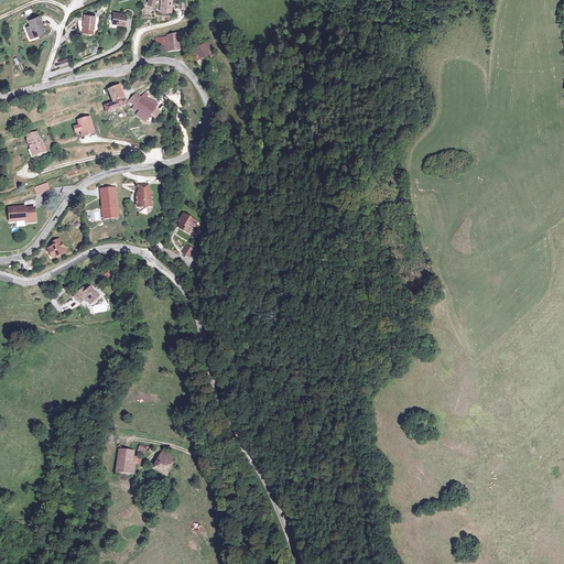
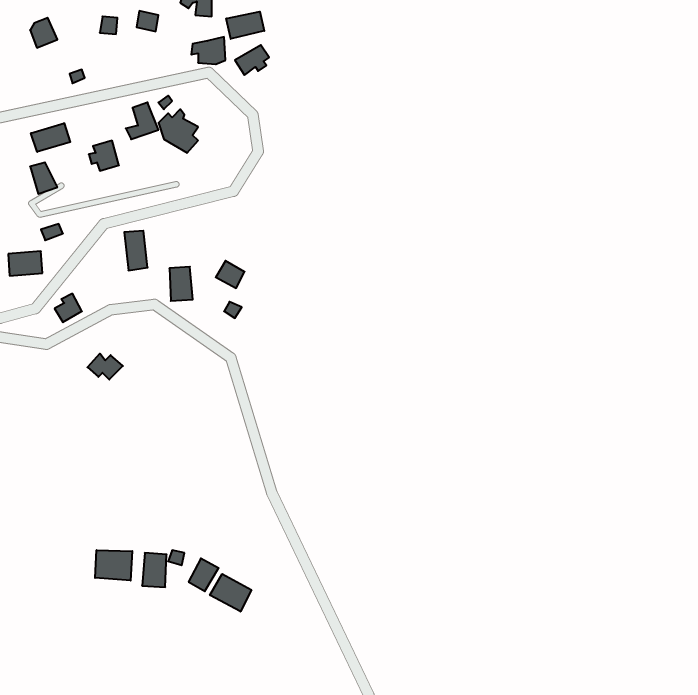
building: none -> [226,12,264,39]
building: none -> [31,123,70,152]
building: [134,181,153,208] -> [169,267,193,301]
building: none -> [95,550,132,581]
building: none -> [210,574,251,612]

